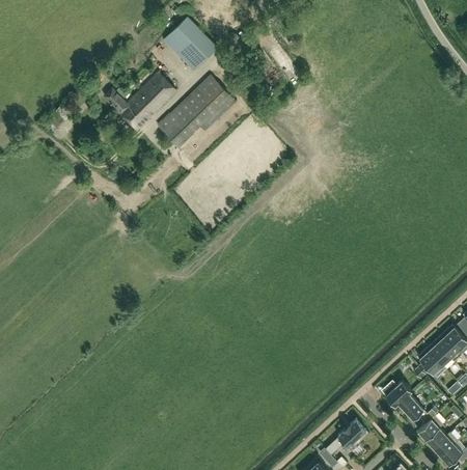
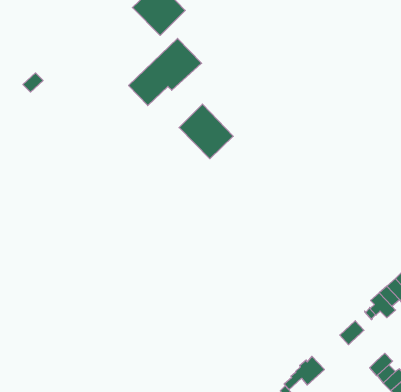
building: [103,72,175,129] -> none
building: none -> [179,104,233,159]
building: [397,393,436,423] -> none

